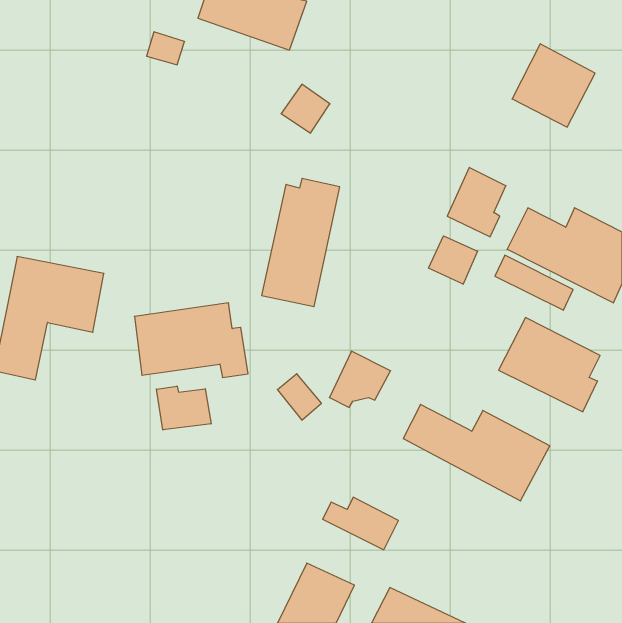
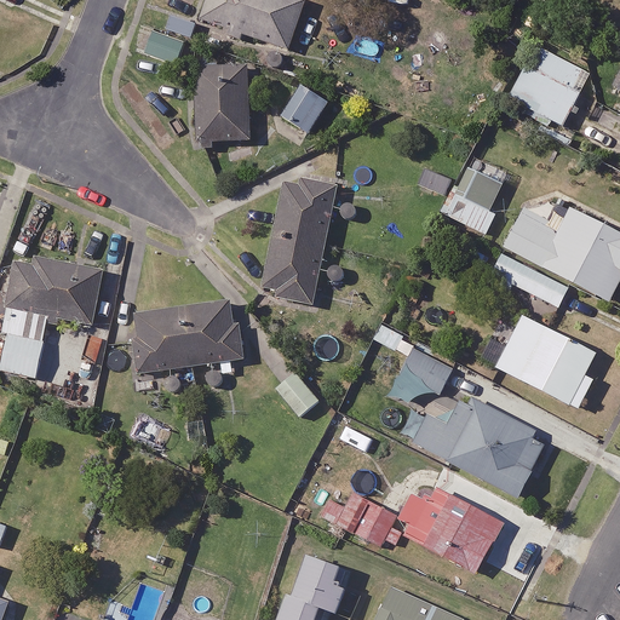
building: none -> [194,68,247,140]
building: [428,236,478,284] -> none
building: [329,351,391,407] -> [392,348,453,403]
building: [156,386,211,430] -> none
building: none -> [396,486,503,573]

